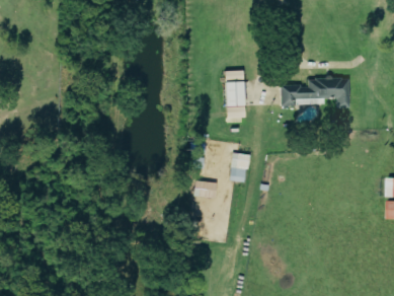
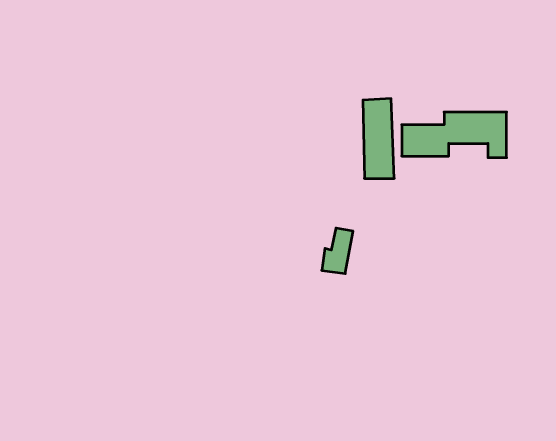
building: [225,71,245,123] -> [363,99,394,178]

